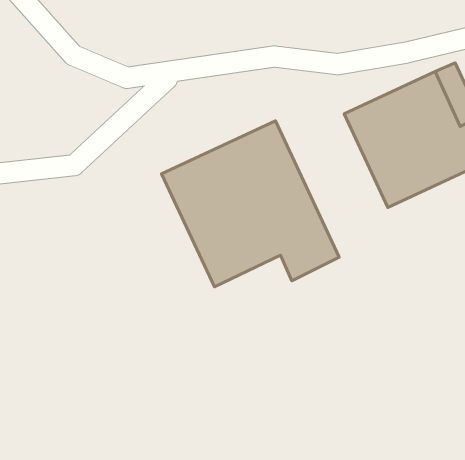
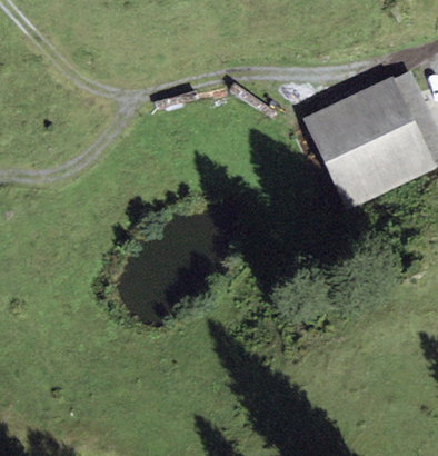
building: [162,121,339,287] -> none

